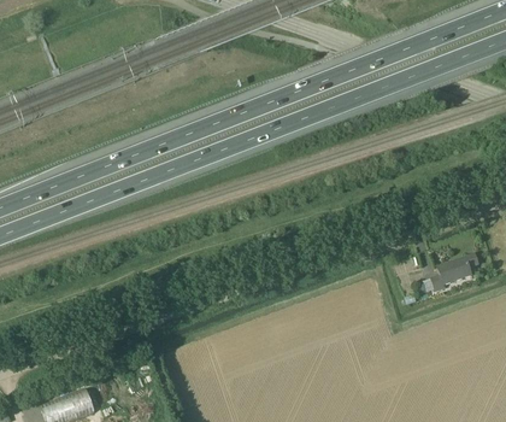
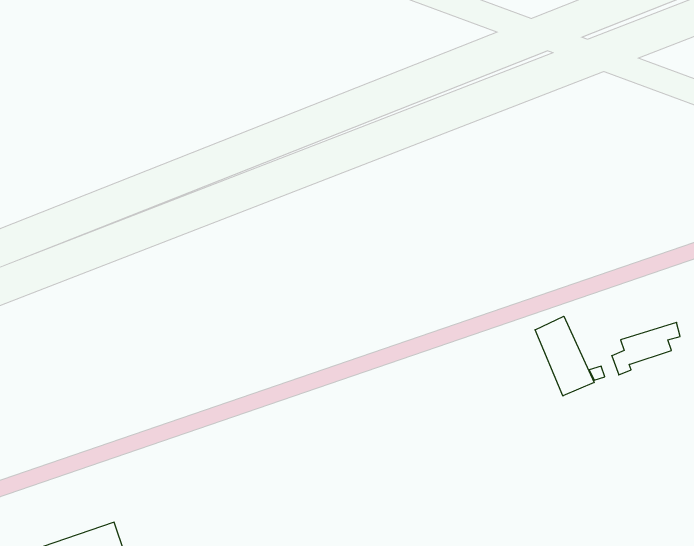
building: none -> [535,316,594,396]

